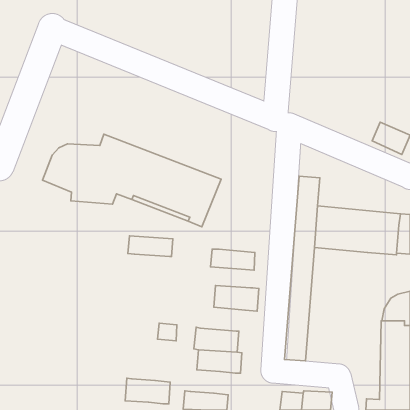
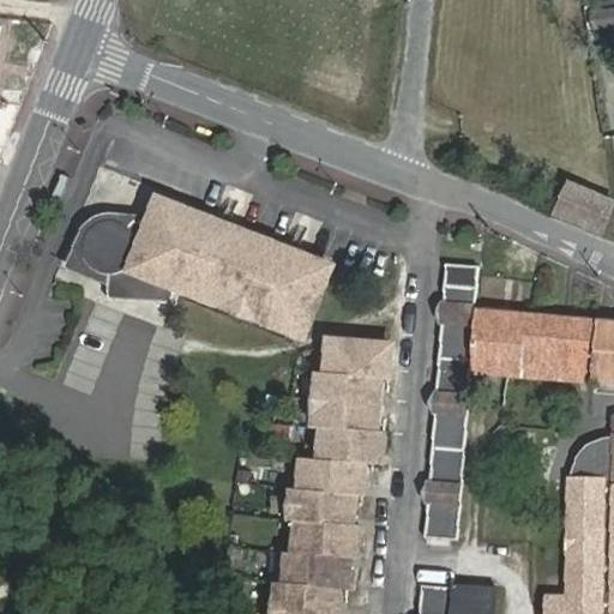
building: none -> [325,339,392,378]
building: [128,236,173,257] -> [312,398,379,429]
building: none -> [299,457,366,495]
building: [125,378,170,404] -> [284,550,351,589]

